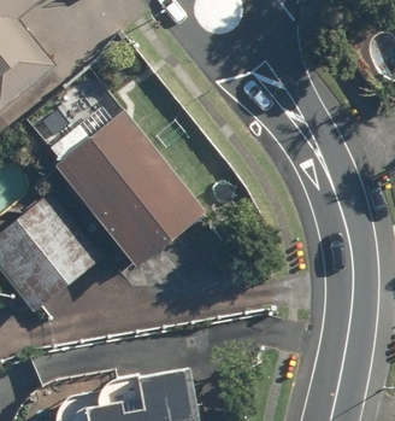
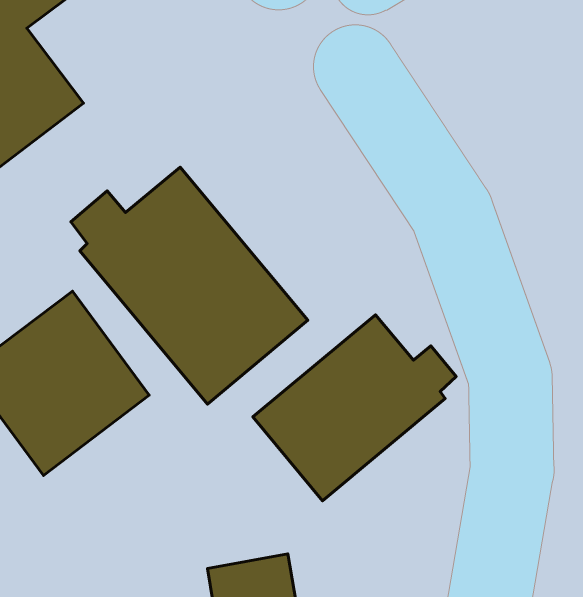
building: none -> [253,315,456,501]

